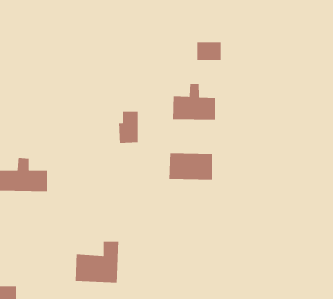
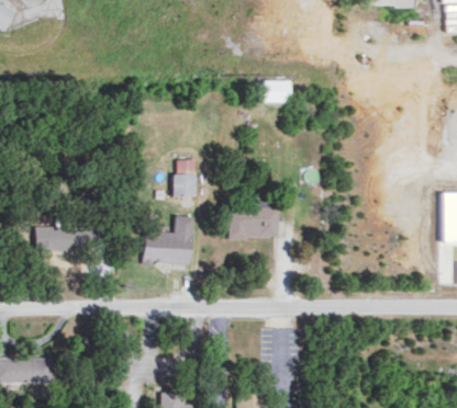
building: [172,83,216,121] -> none
building: [75,241,119,283] -> [143,217,193,265]

